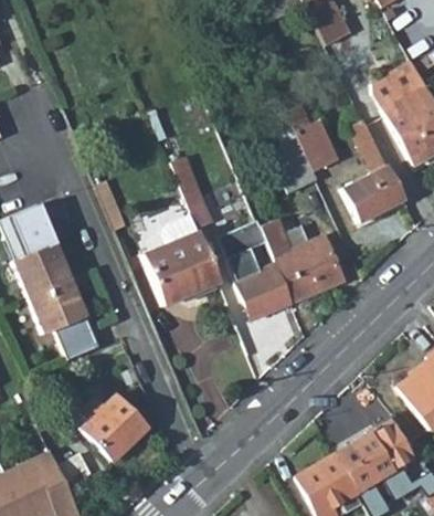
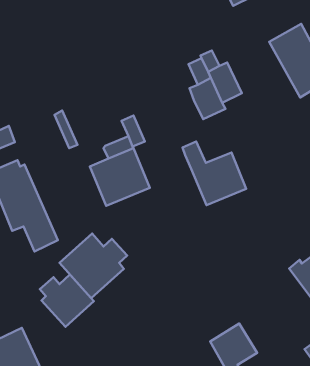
building: [341,120,404,222] -> none
building: [218,217,293,320] -> none
building: none -> [60,234,127,298]
building: [335,422,413,493] -> none

